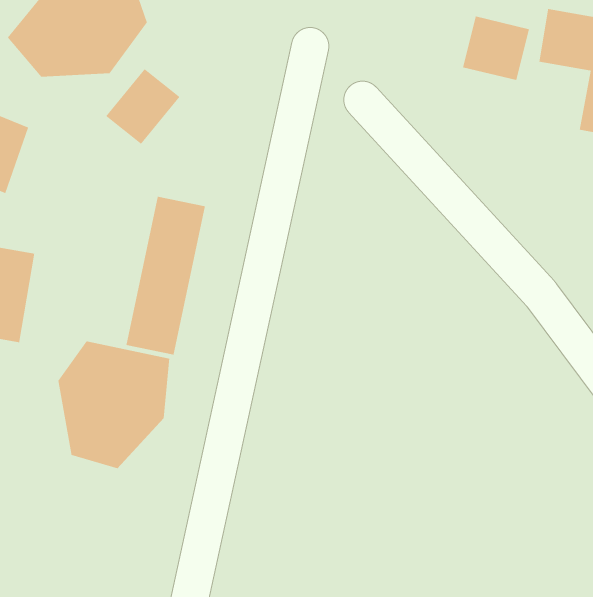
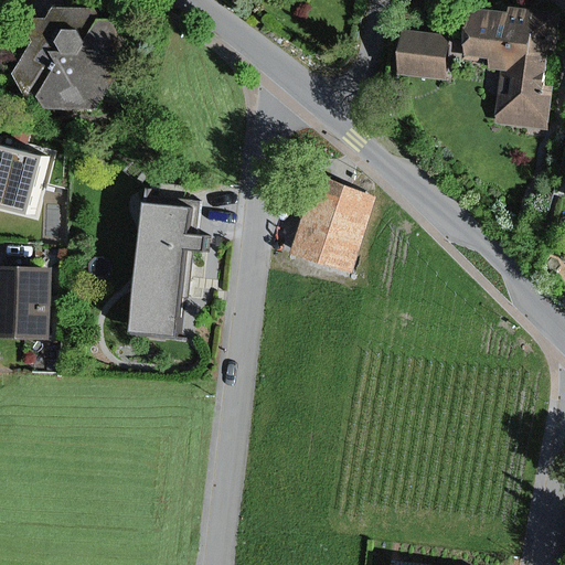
building: [105,68,180,145] -> none
building: none -> [279,182,361,273]
building: [58,341,170,469] -> none

